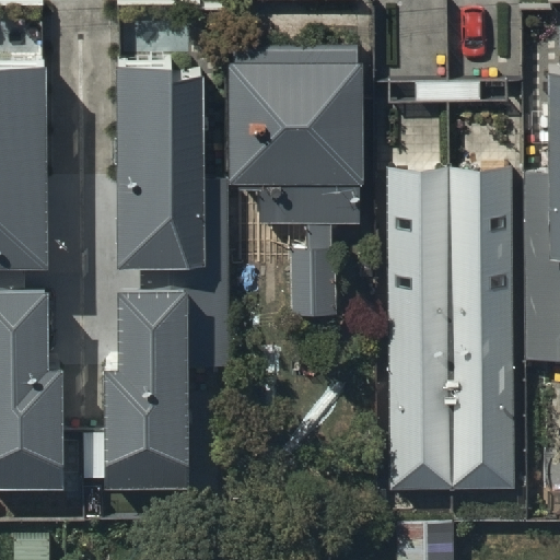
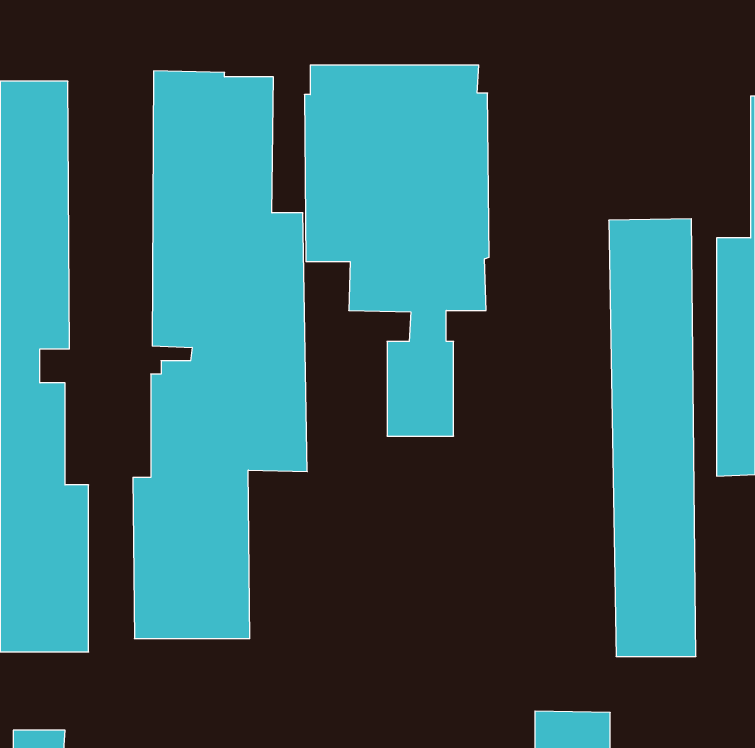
building: [388,168,456,492] -> none

